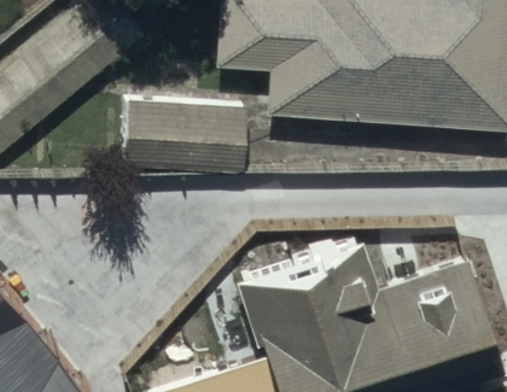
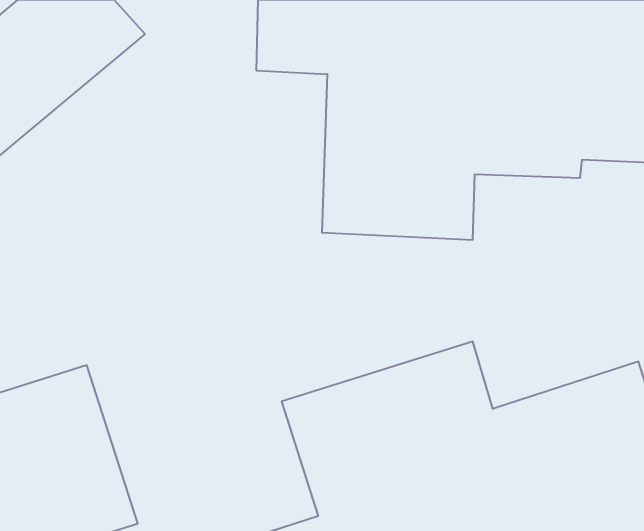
building: [124,100,250,177] -> none

